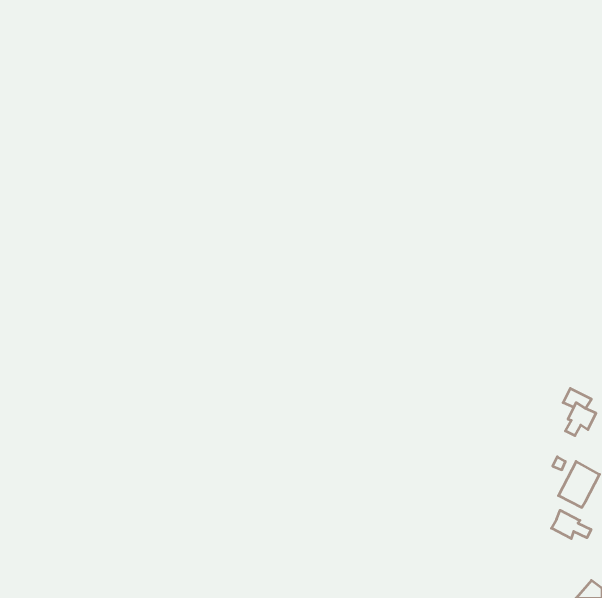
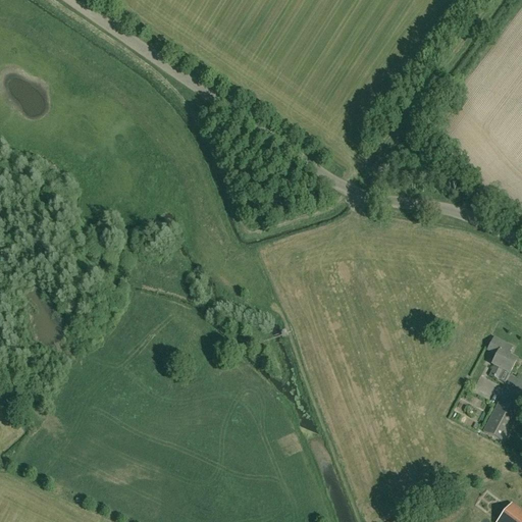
building: [551,510,591,539] -> none

